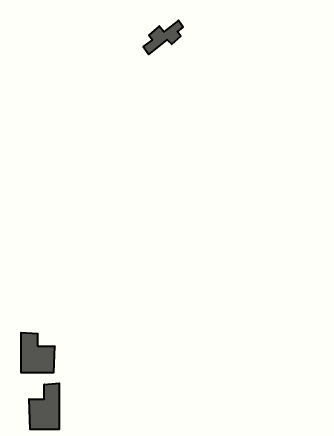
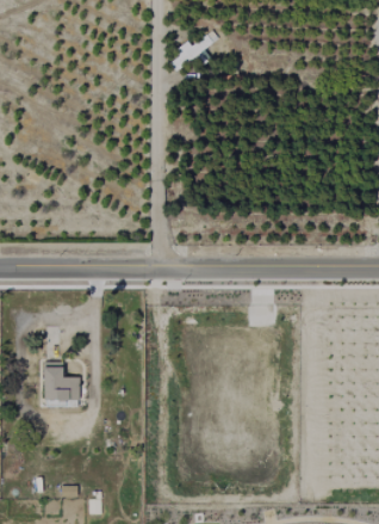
building: [29,383,59,429] -> none

